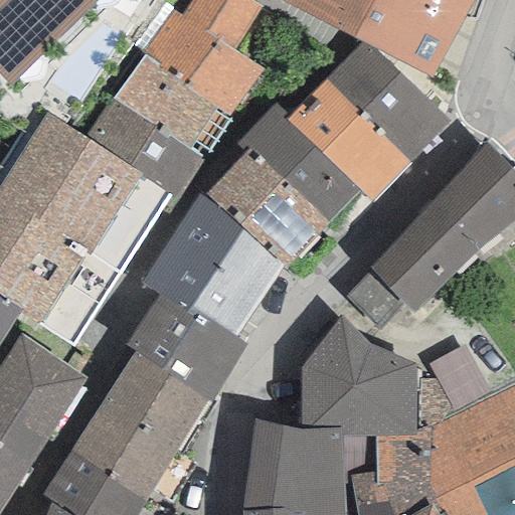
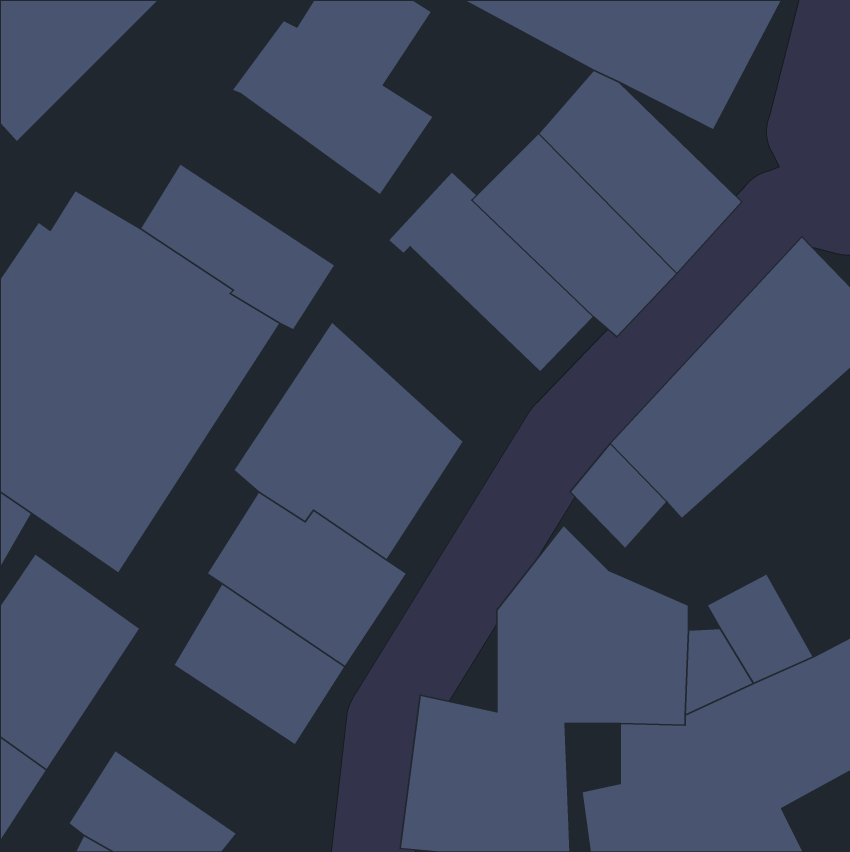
building: [113,56,230,160] -> none
building: [201,149,327,271] -> none
building: [70,401,179,503] -> none

